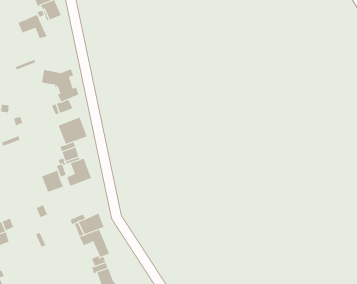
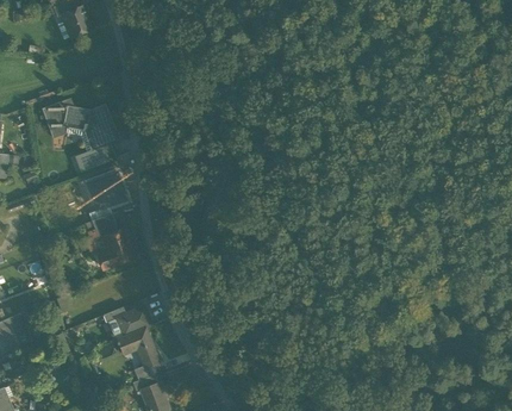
building: [18,14,47,39] -> none
building: none -> [42,99,73,137]
building: [41,170,64,192] -> none

